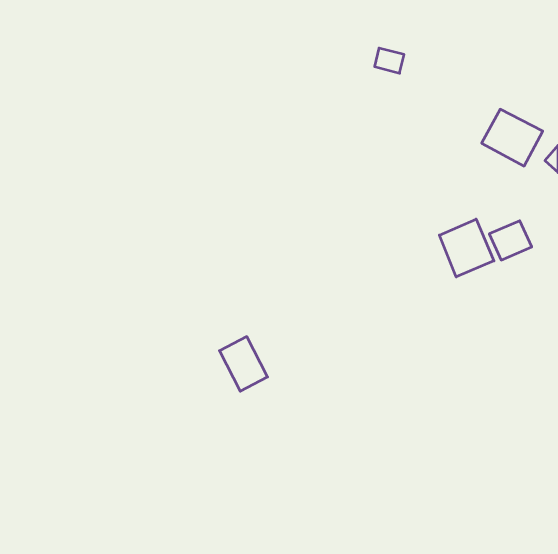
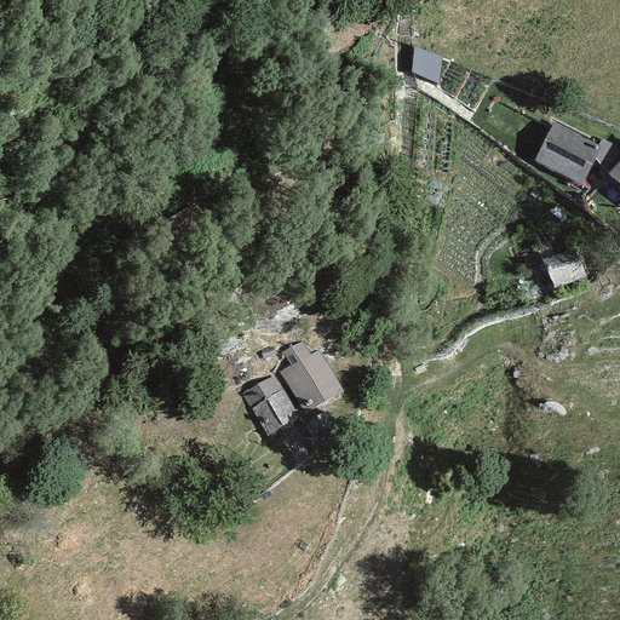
building: [439,219,494,277] -> none
building: none -> [281,337,344,414]

